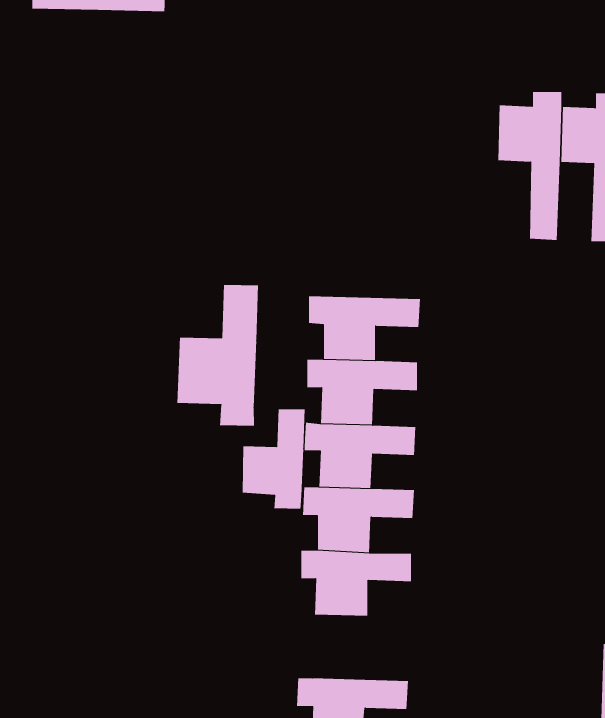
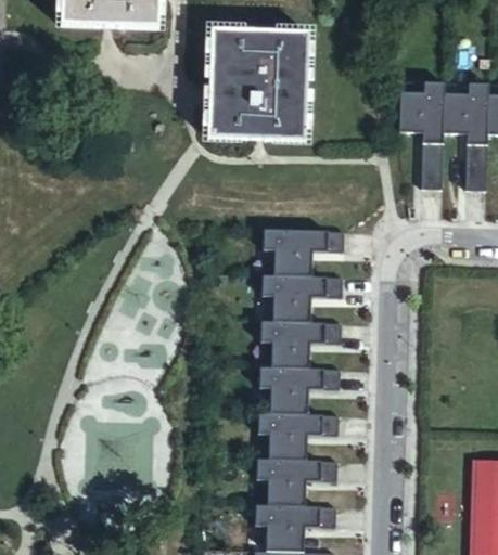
building: none -> [216,24,315,133]
building: [177,284,259,426] -> none
building: [242,409,305,509] -> none
building: none -> [253,460,334,506]

